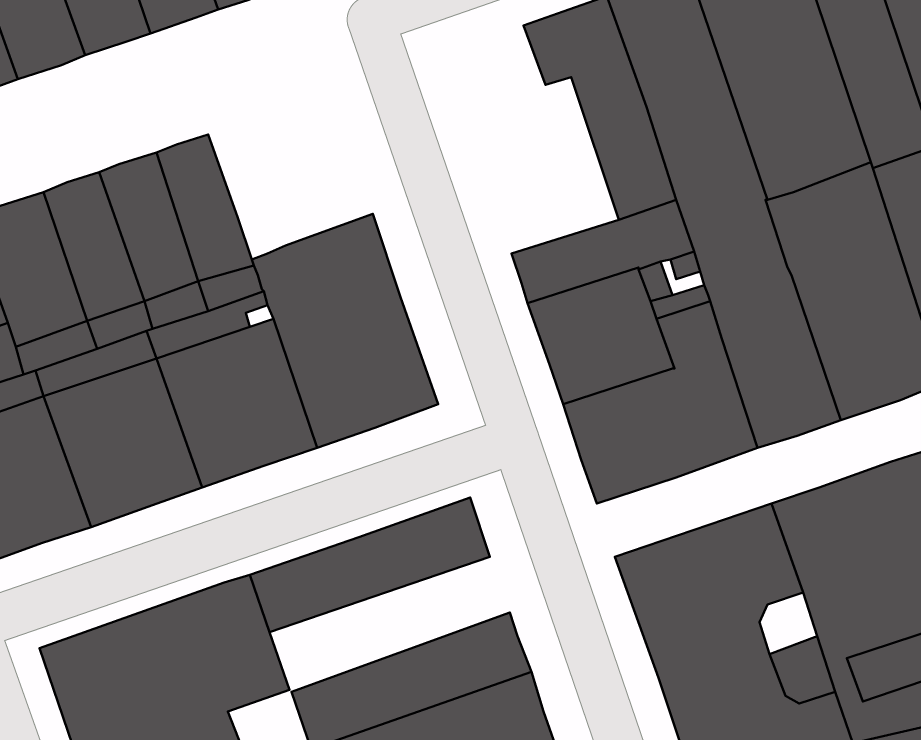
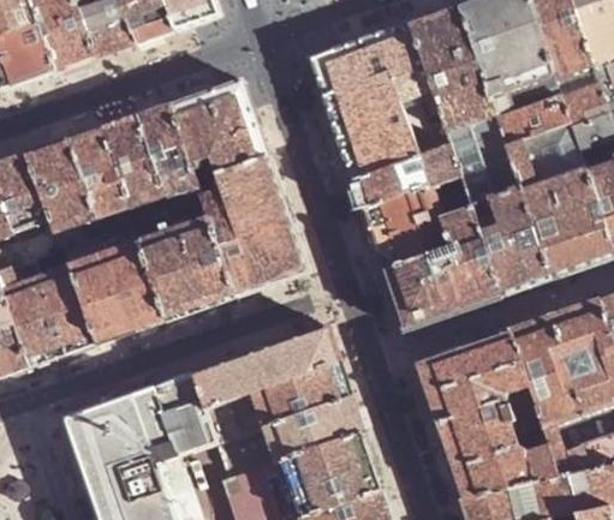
building: none -> [308,41,416,179]
building: none -> [167,80,267,183]
building: none -> [204,363,350,444]

